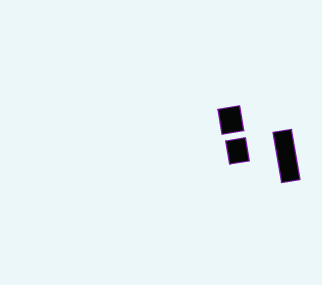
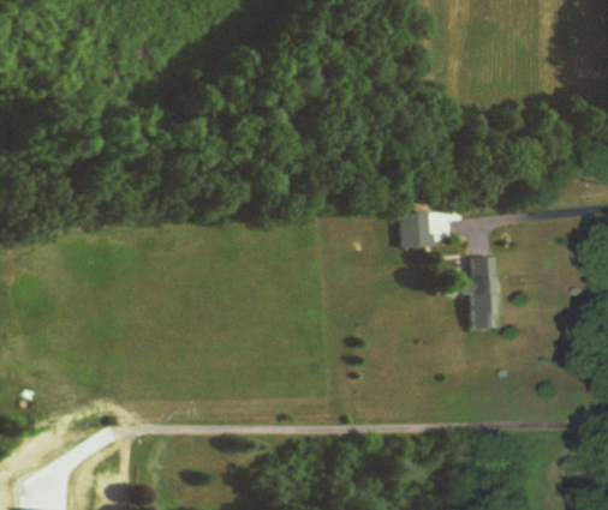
building: [226,138,249,164] -> none

